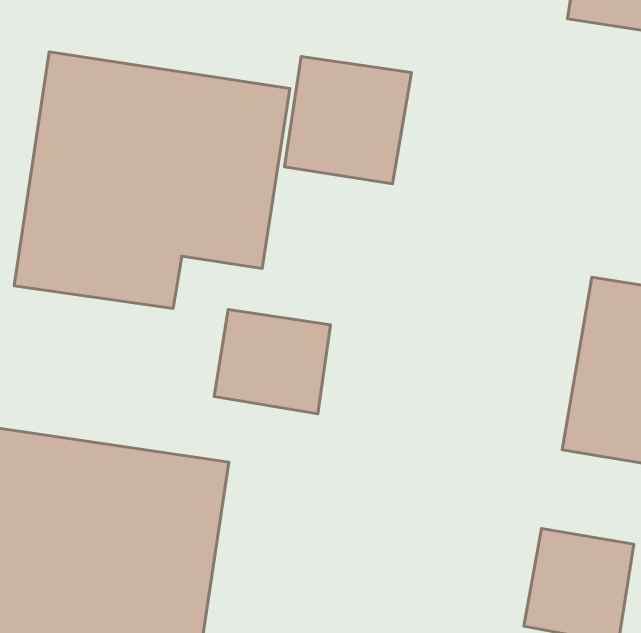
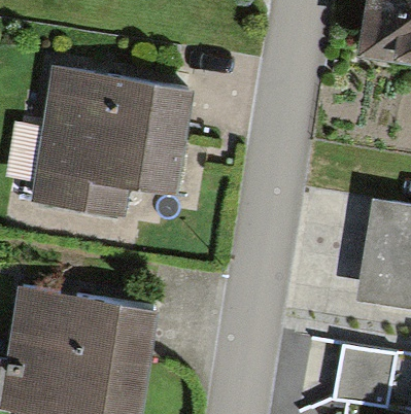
building: [285,57,411,184] -> none
building: [214,309,331,414] -> none

